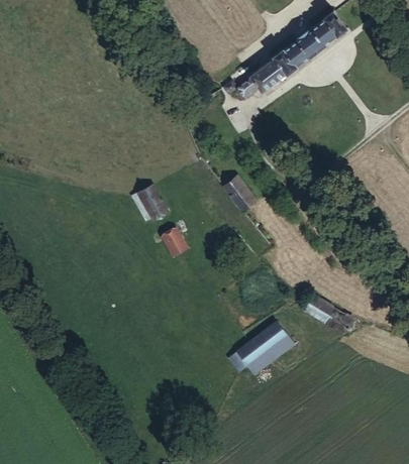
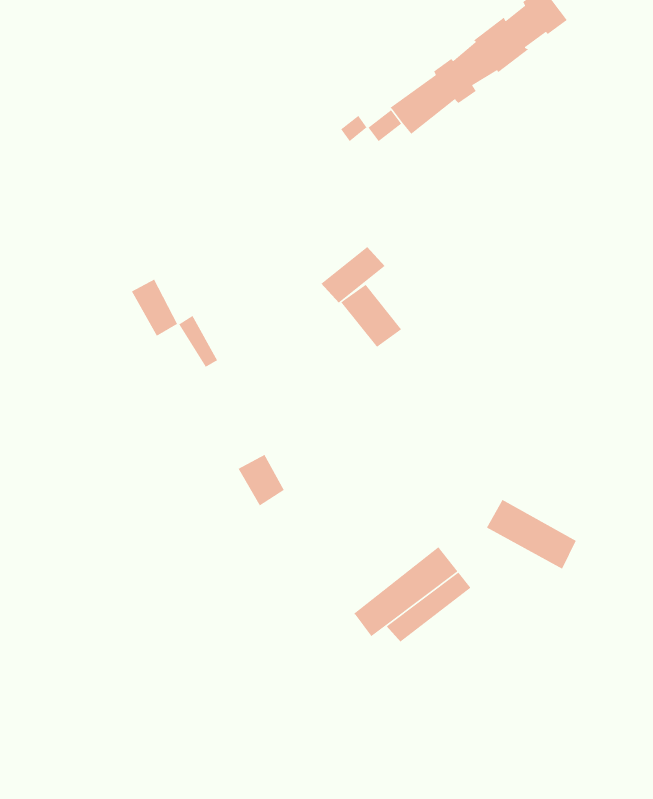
building: none -> [321,246,385,303]
building: [140,185,167,217] -> [131,279,178,337]
building: [163,228,189,257] -> [238,454,285,507]

